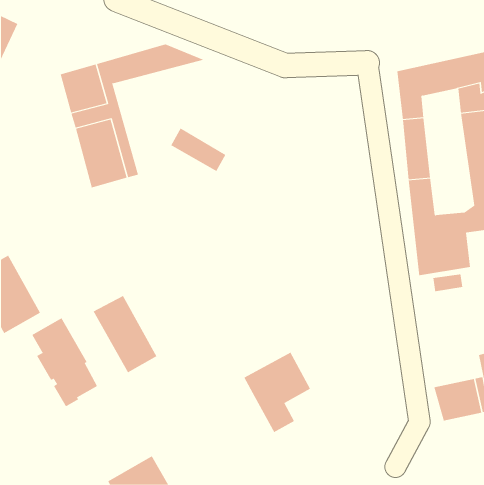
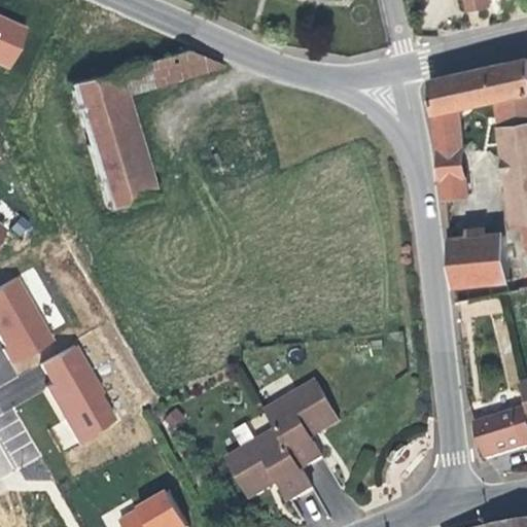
building: [170,128,226,172] -> none
building: [93,295,157,373] -> none
building: none -> [226,429,310,500]

